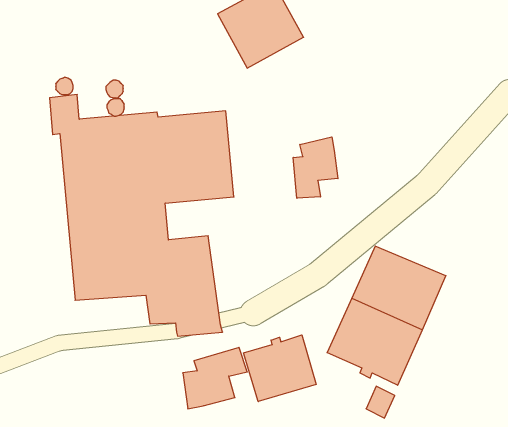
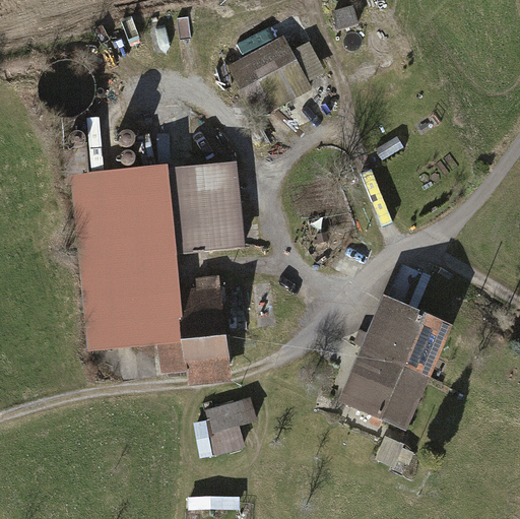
building: [293,137,338,198] -> none
building: [244,335,316,402] -> none

